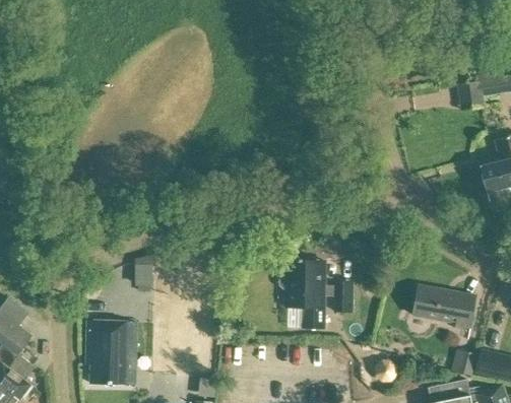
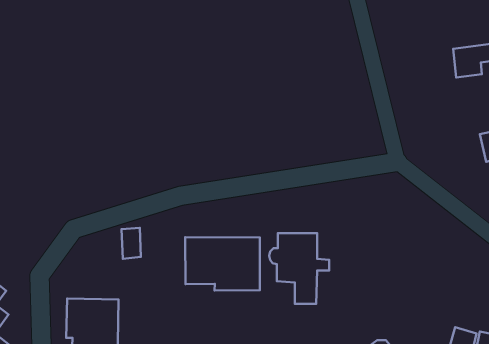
building: none -> [185,237,260,290]
building: [412,286,476,327] -> none

